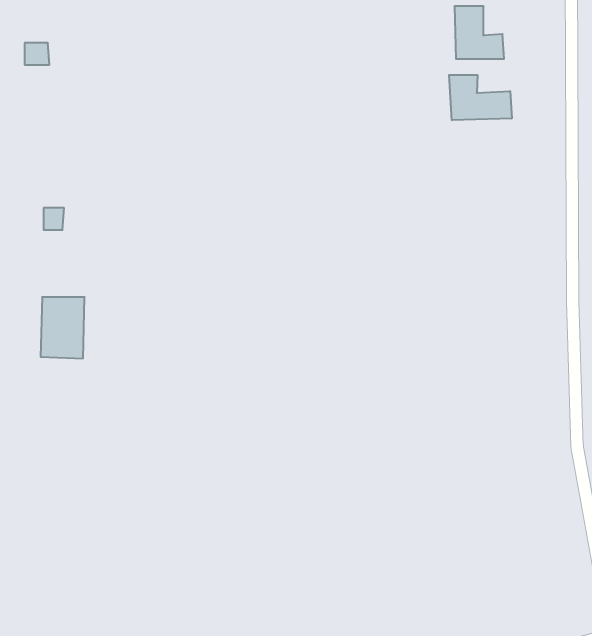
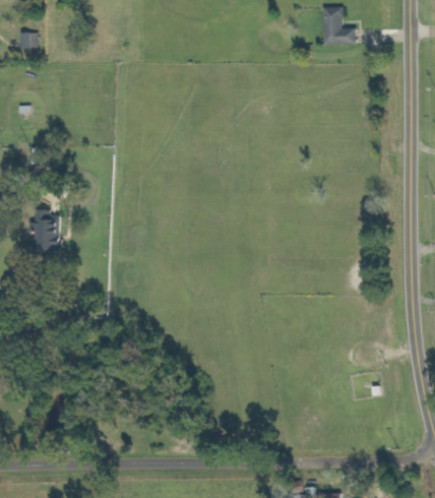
building: [449,75,512,120] -> none

